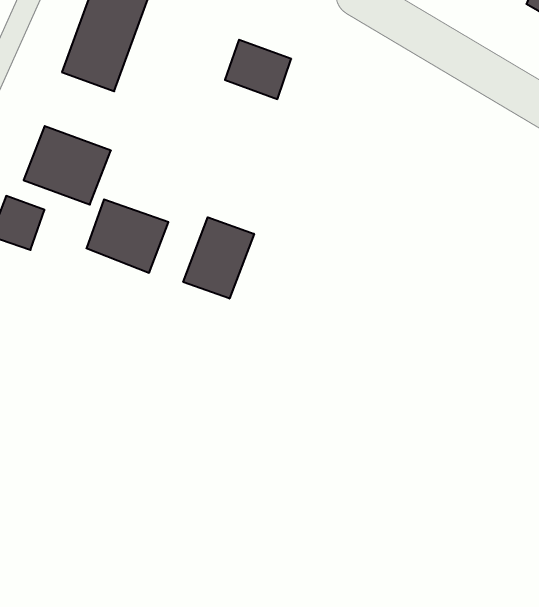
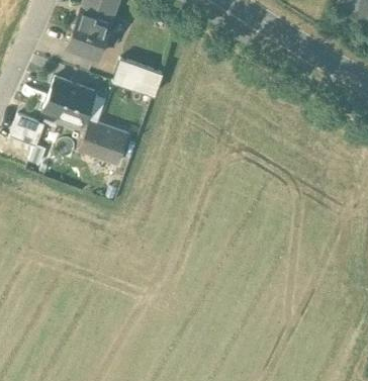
building: [225,40,291,99] -> [124,62,163,96]
building: [183,217,254,299] -> none

